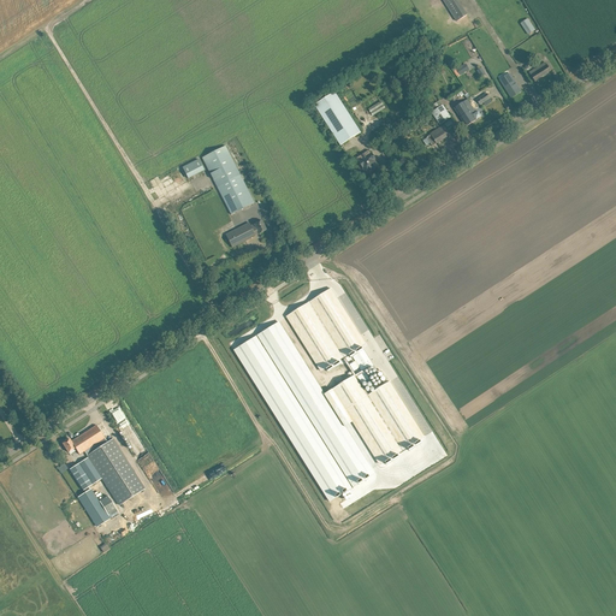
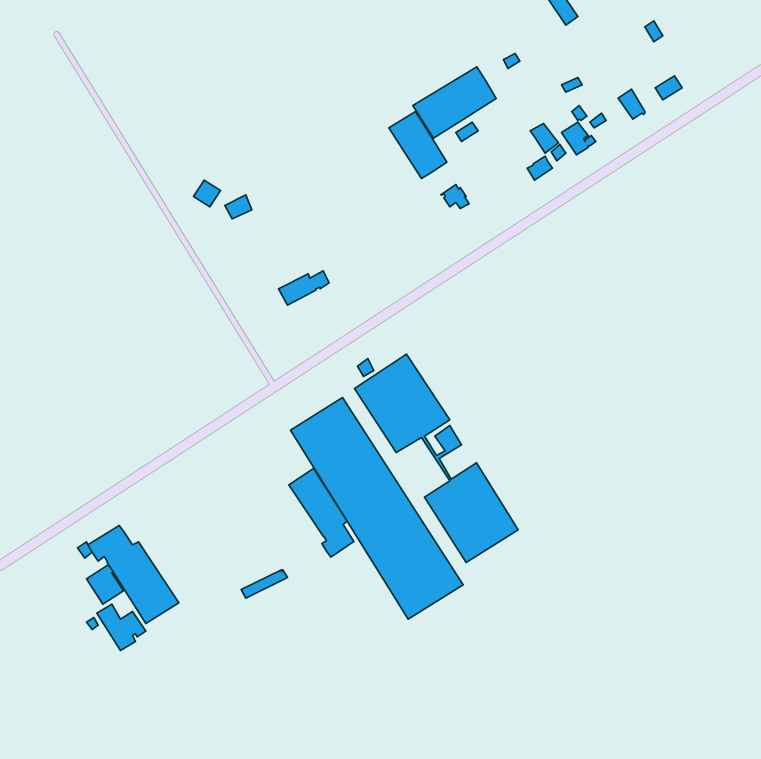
building: none -> [413,67,496,138]
building: [202,144,254,213] -> none
building: none -> [289,469,354,557]

